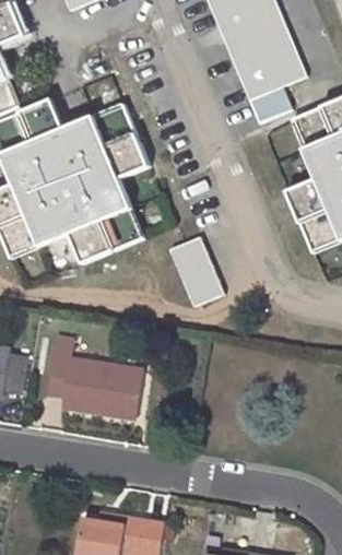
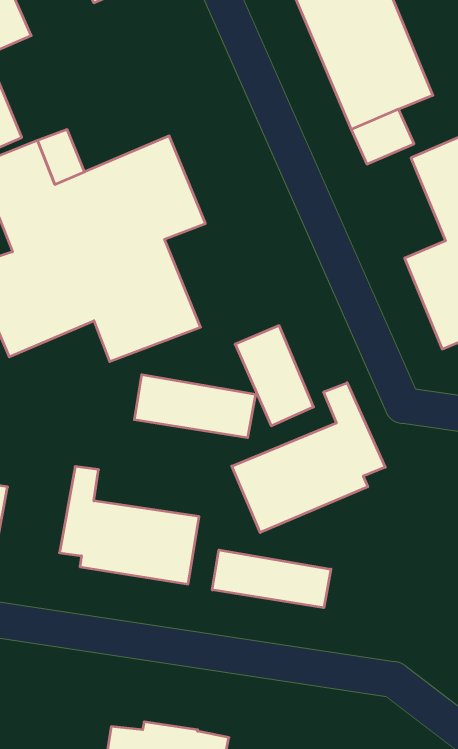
building: none -> [134,375,256,438]
building: none -> [232,383,385,533]
building: none -> [212,550,331,608]

